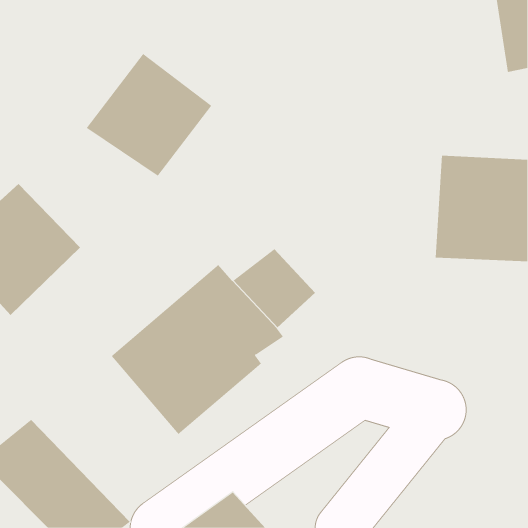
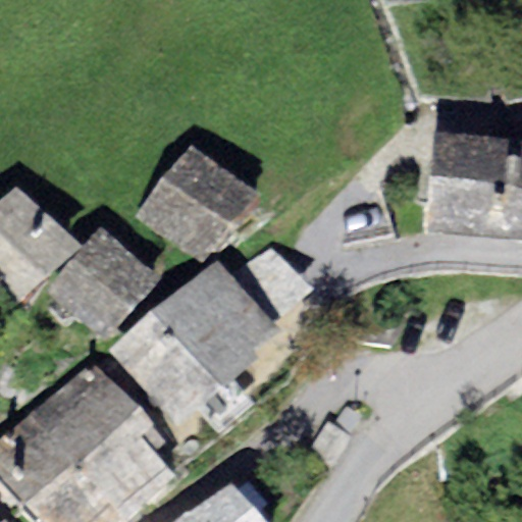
building: [86,53,212,176] -> [134,142,258,263]
building: none -> [45,226,161,340]
building: none -> [31,372,175,514]

